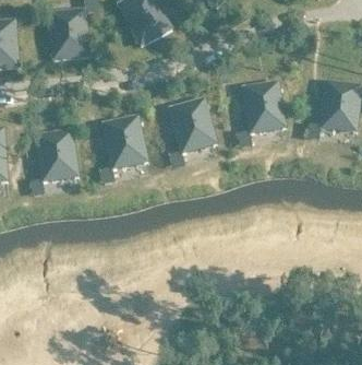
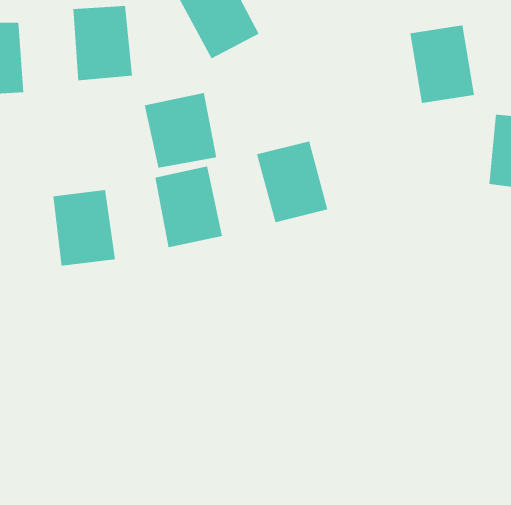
building: none -> [144,92,217,169]
building: [243,81,286,132] -> [410,25,475,103]

